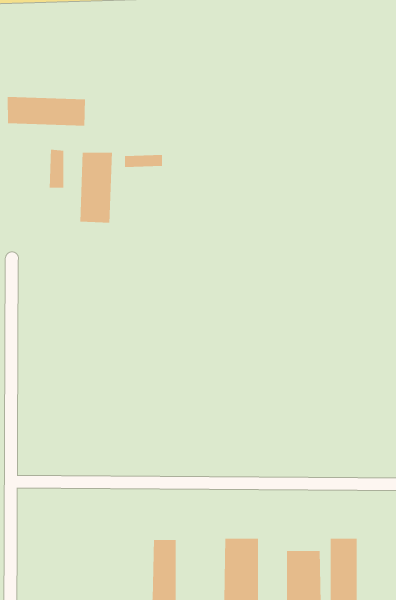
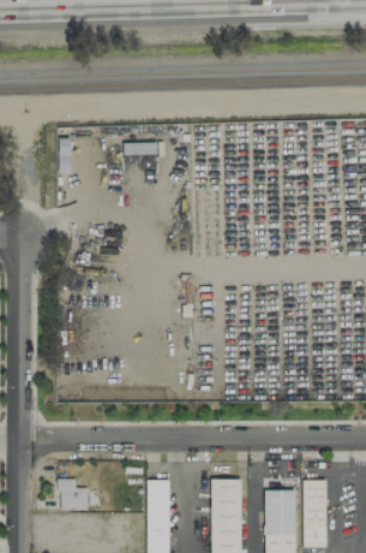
building: [7,96,86,127] -> none
building: [79,152,113,223] -> none
building: none -> [59,480,89,511]

